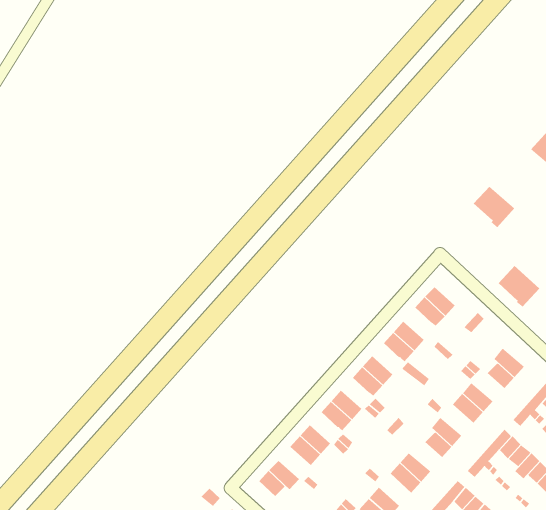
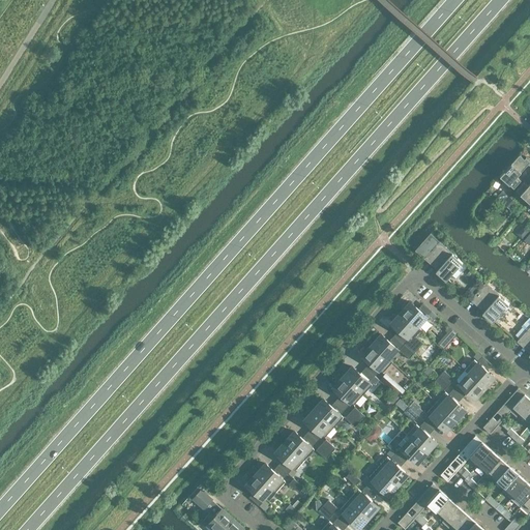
building: [473,186,515,228] -> [422,243,462,283]

